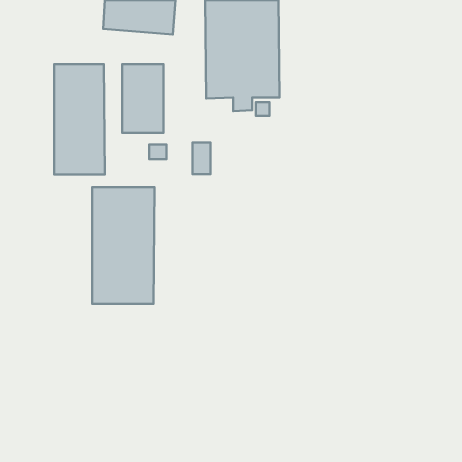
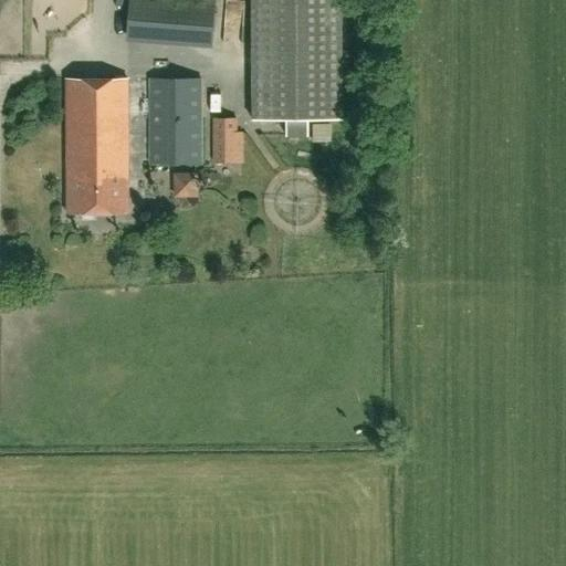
building: [193,143,211,174] -> [213,120,235,159]
building: [92,187,154,304] -> none

